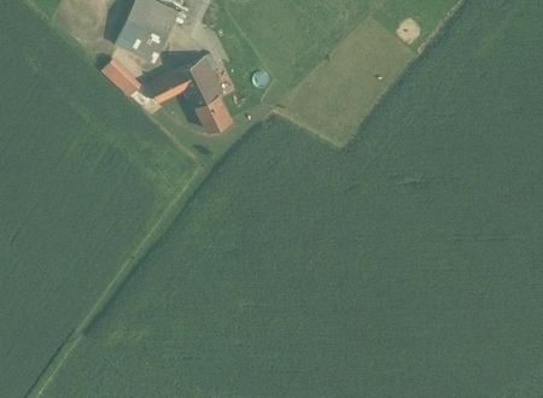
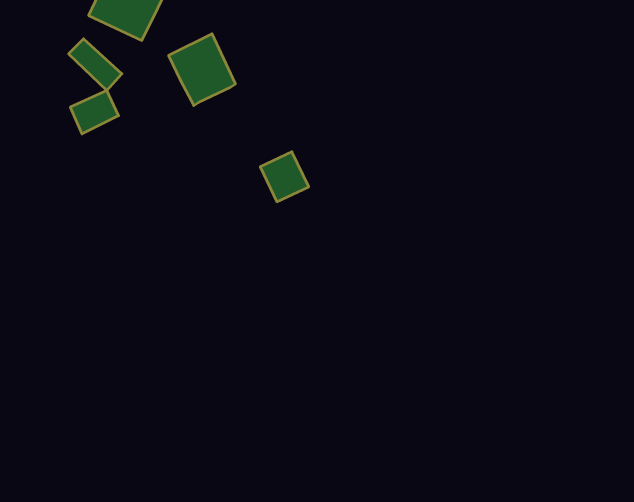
building: [147,71,182,103] -> [70,91,119,134]
building: [195,94,230,130] -> [260,152,309,202]

